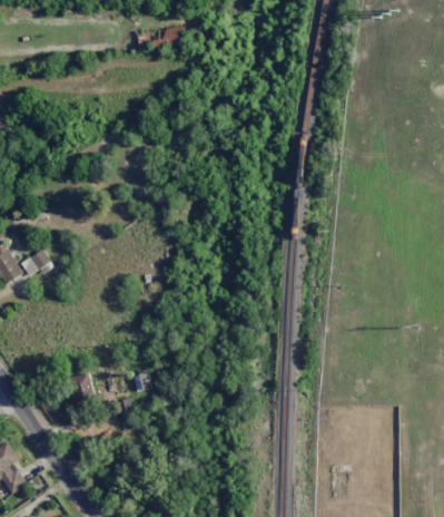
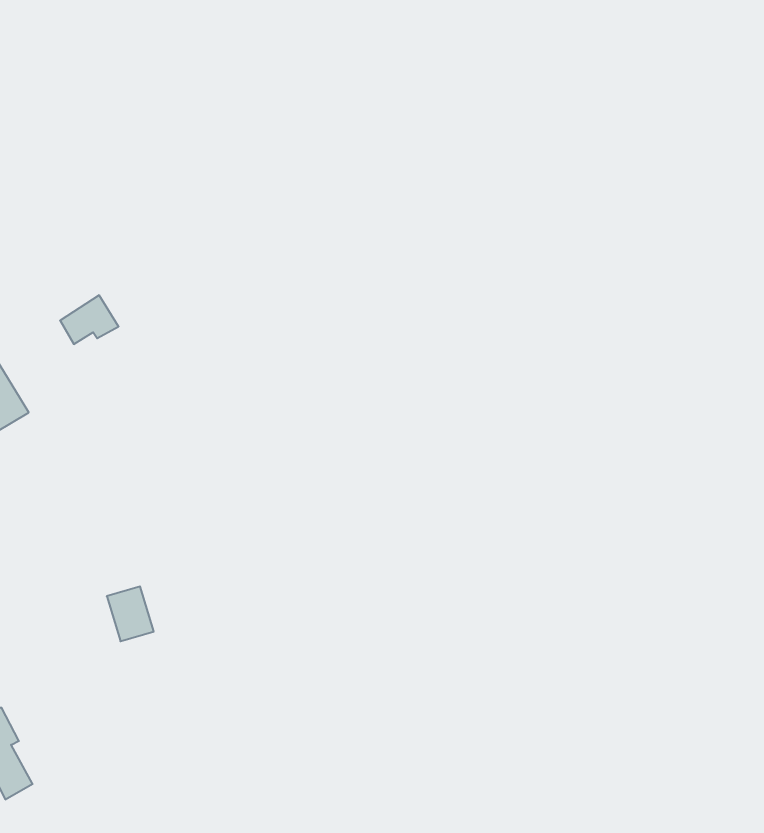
building: [20,248,53,276] -> [60,295,119,344]

